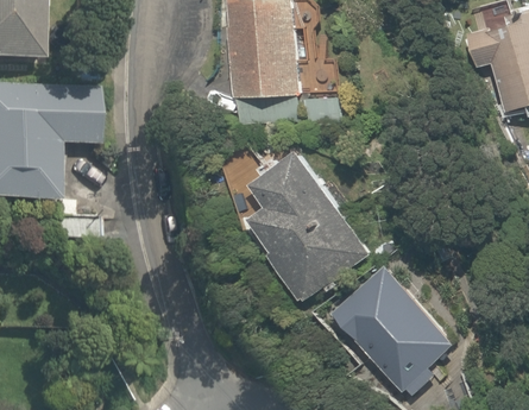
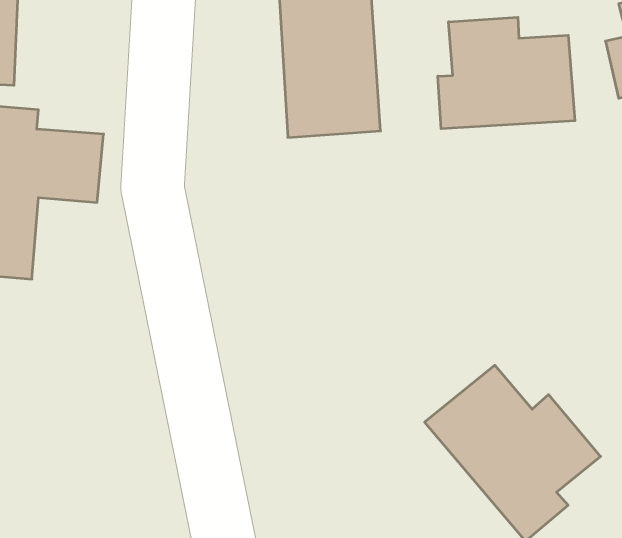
building: none -> [438,17,575,129]
building: [248,150,371,301] -> none

